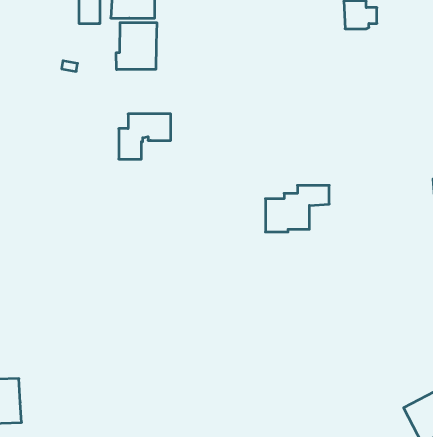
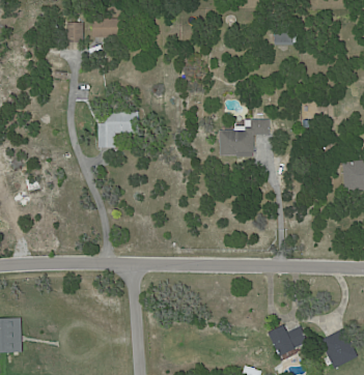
building: [116,23,157,70] -> none
building: [265,185,329,232] -> [219,119,269,155]
building: none -> [267,324,306,358]

